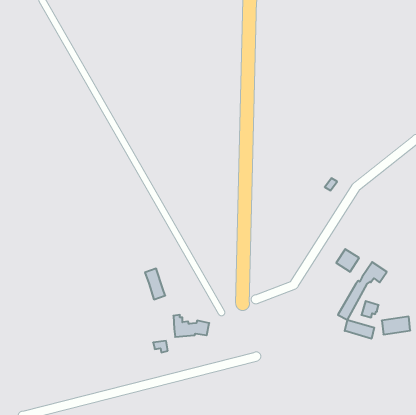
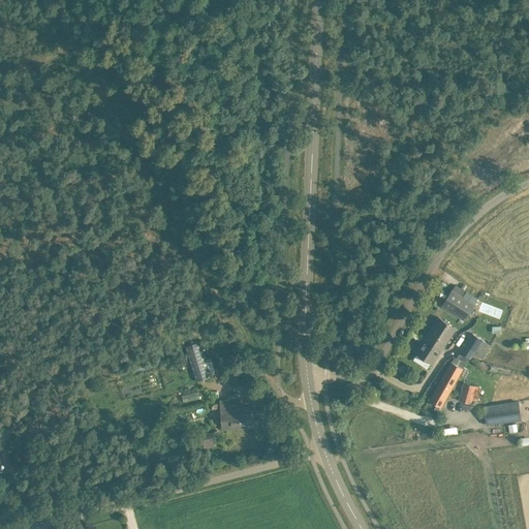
building: none -> [441,291,474,321]
building: none -> [415,335,444,364]
building: [345,320,374,339] -> none

